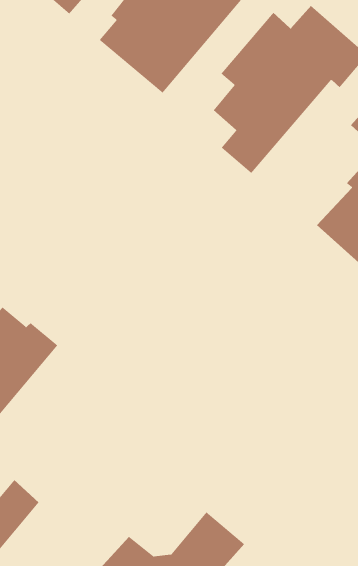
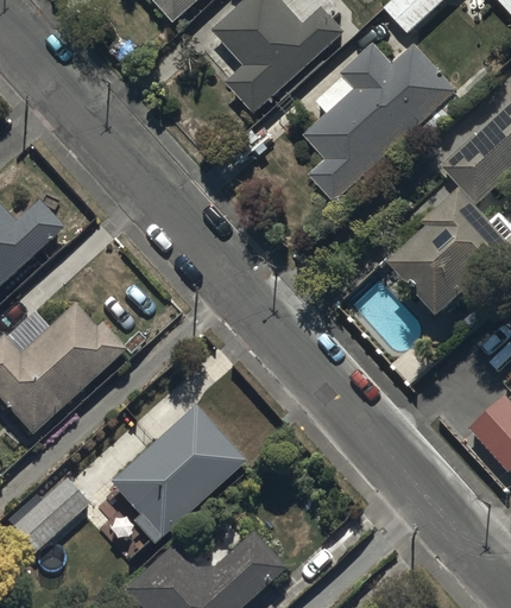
building: none -> [108,405,245,545]

